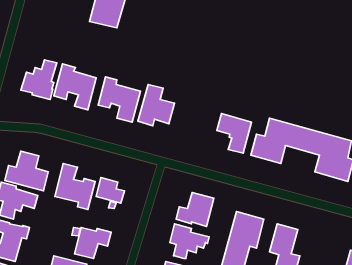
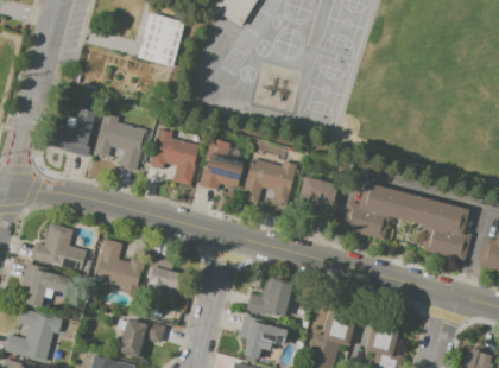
building: none -> [241,158,301,205]

